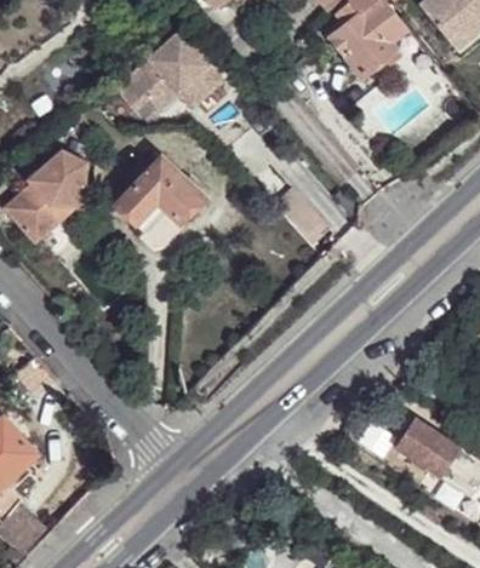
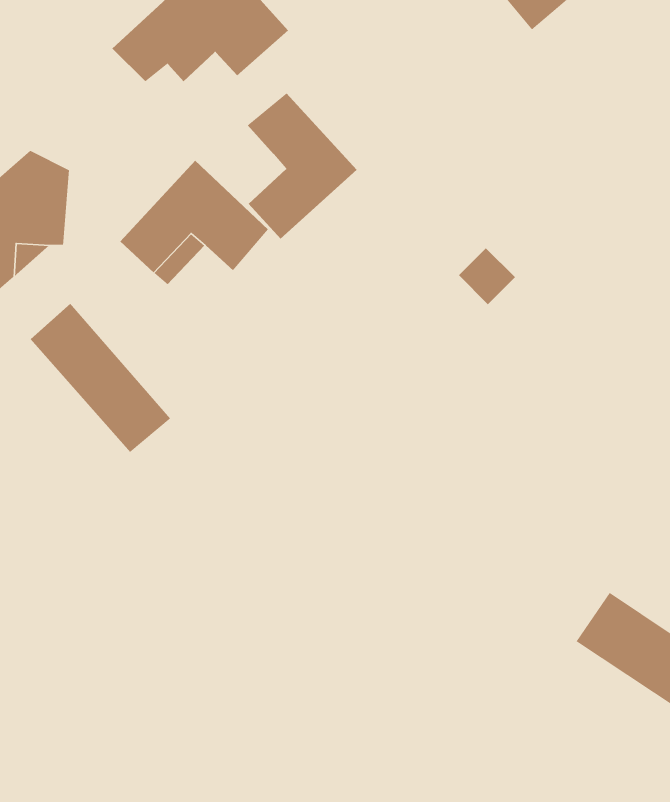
building: none -> [247,92,358,239]
building: none -> [30,303,171,453]

